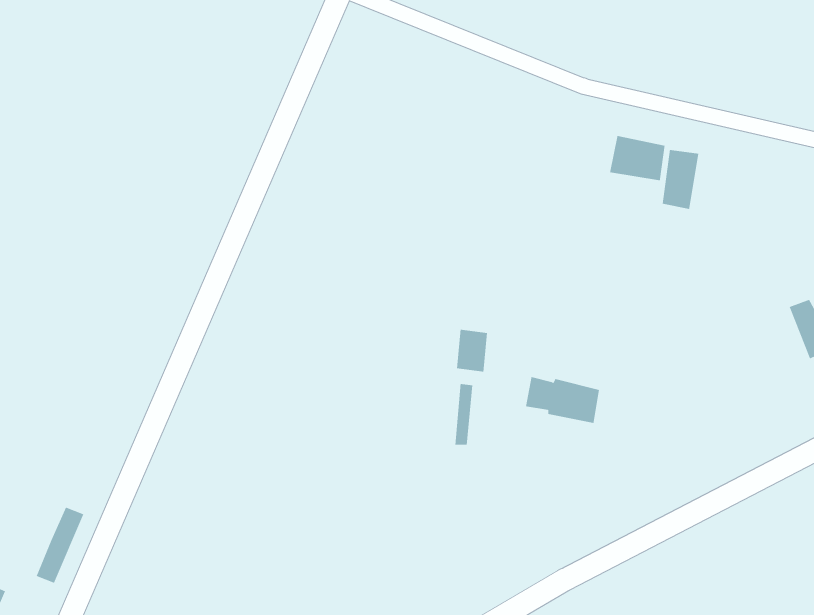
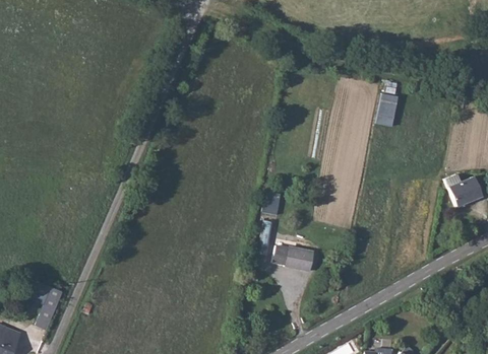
building: [610,135,665,181] -> none
building: [525,377,600,423] -> [272,245,313,271]

